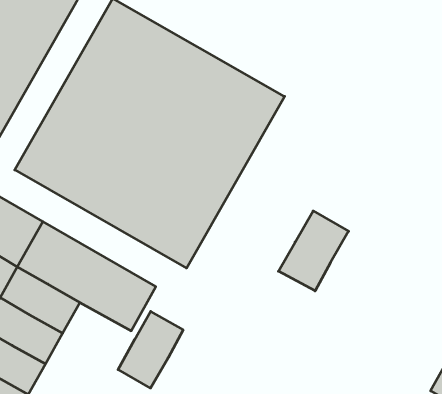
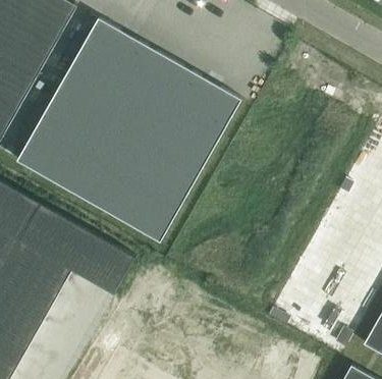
building: [278,211,349,291] -> none
building: [118,311,183,388] -> none

